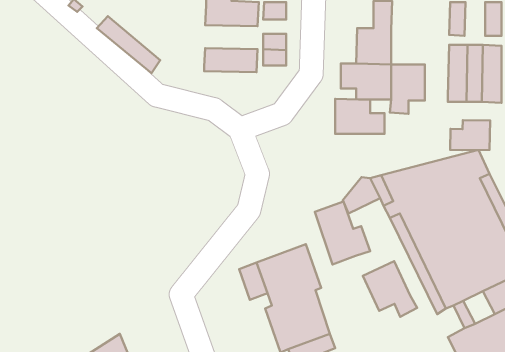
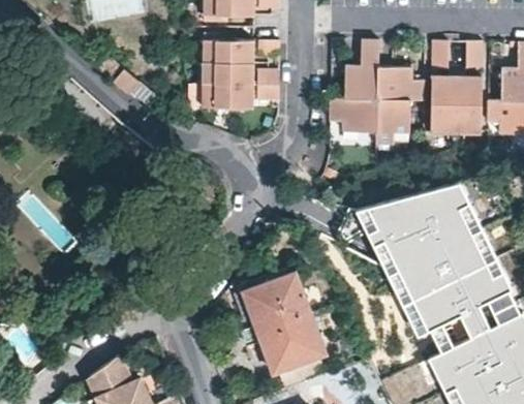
building: none -> [202,64,251,87]
building: [335,99,385,134] -> [377,68,424,101]
building: [450,120,490,150] -> none
building: [315,202,370,264] -> none
building: [363,261,417,317] -> none

